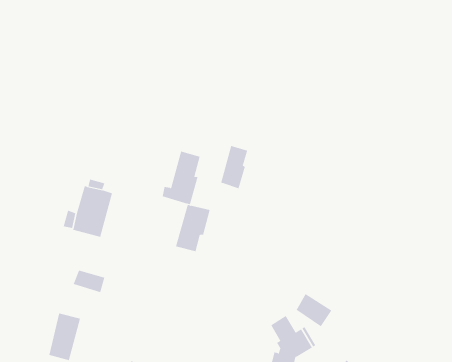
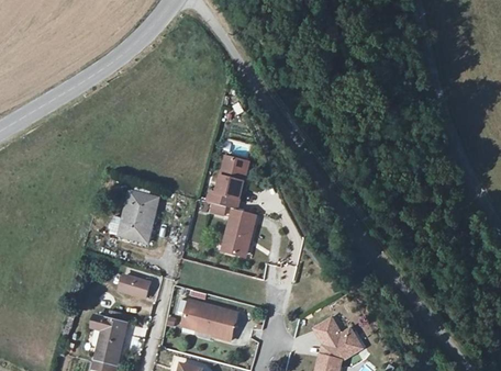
building: [220,145,248,189] -> none
building: [296,293,332,327] -> none
building: none -> [182,300,236,339]

